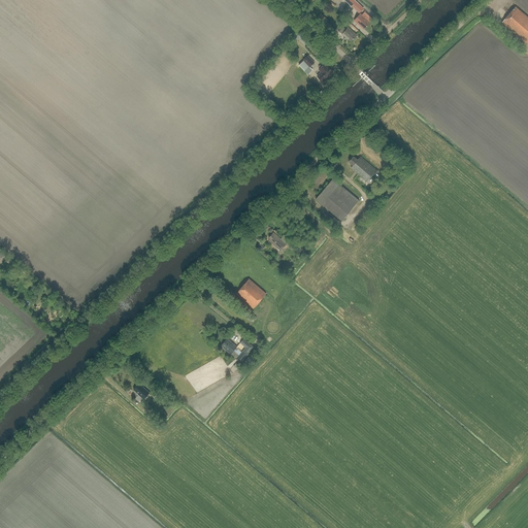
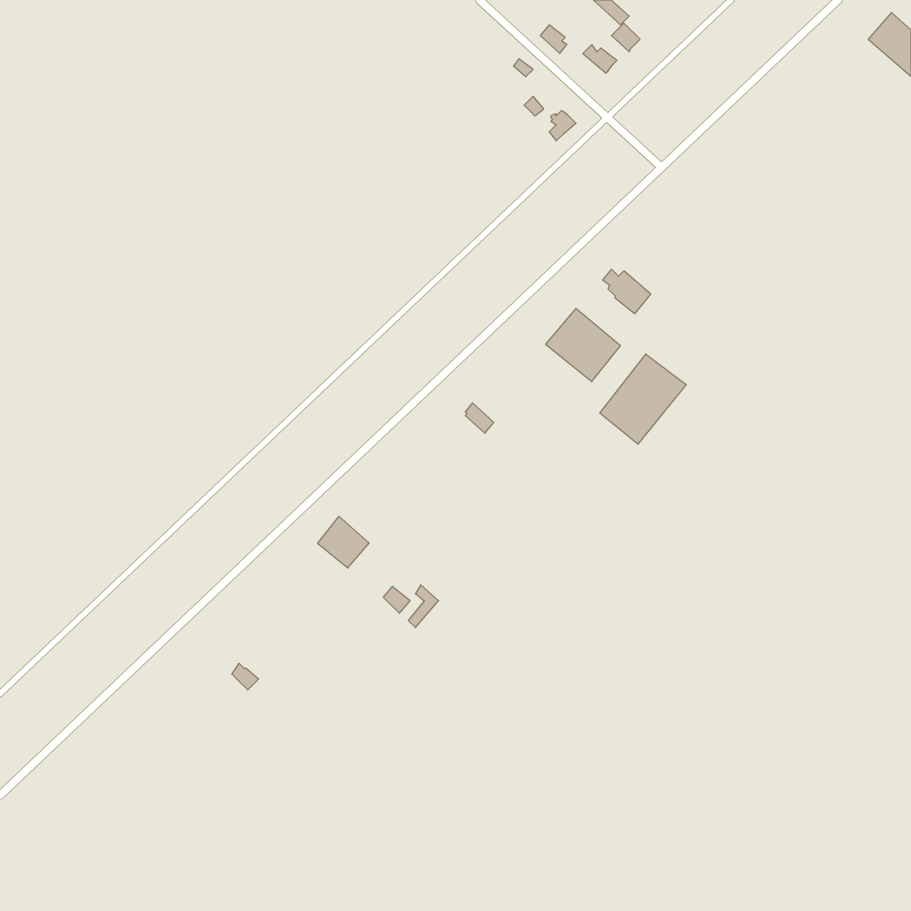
building: none -> [600,354,686,444]
building: [236,278,266,308] -> [318,516,369,568]

